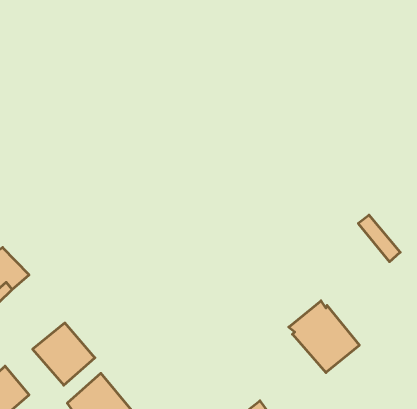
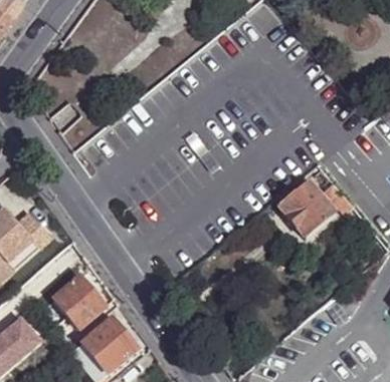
building: [289,301,359,373] -> [275,176,335,237]

